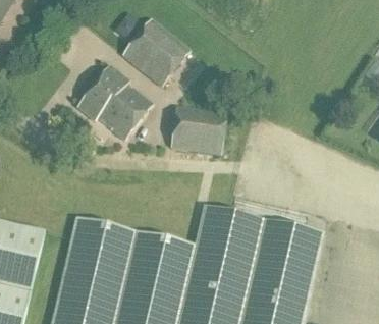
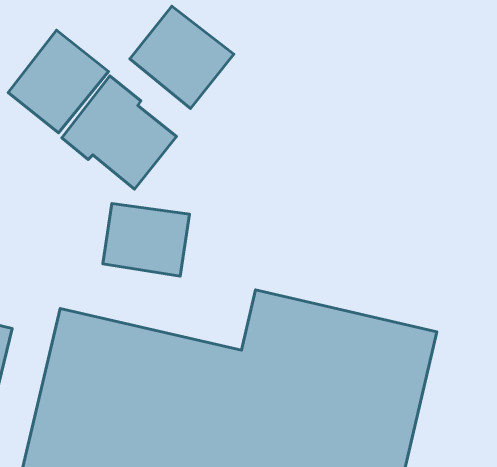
building: none -> [8,30,109,133]
building: [170,107,227,155] -> [103,203,189,276]

